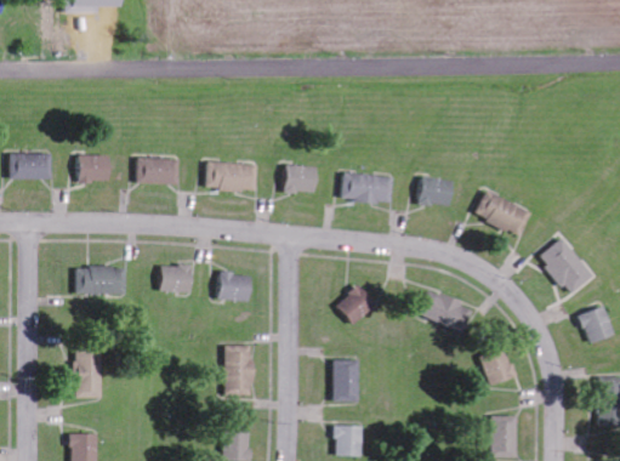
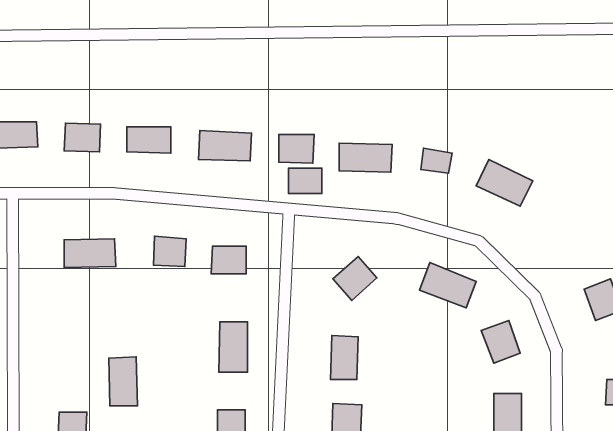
building: none -> [288,168,322,194]
building: [537,238,595,295] -> none
building: [74,351,102,398] -> [109,357,138,406]

